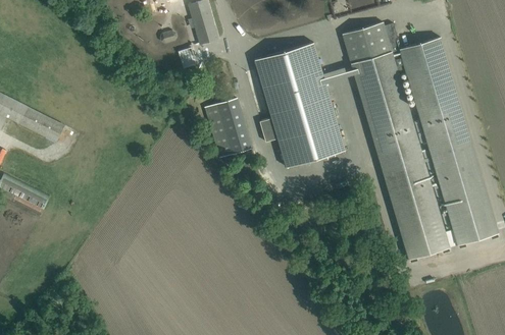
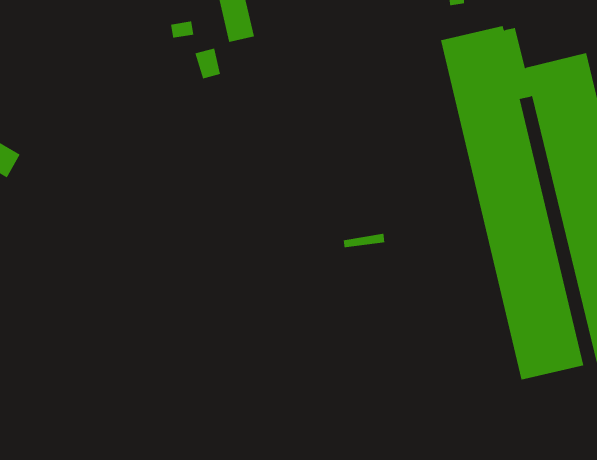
building: [255,43,346,167] -> none
building: [206,99,252,158] -> none

